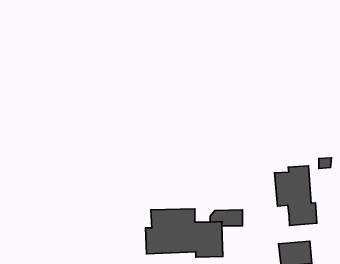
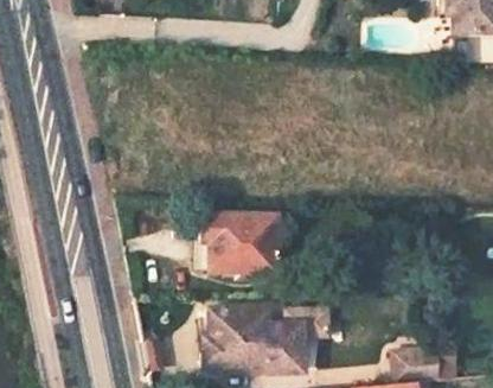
building: none -> [201,217,277,273]
building: [275,166,317,225] -> none

